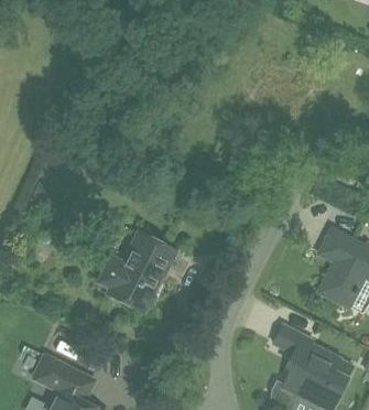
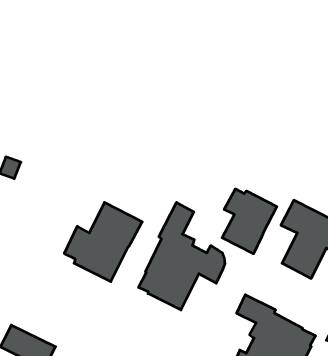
building: none -> [222,189,277,254]
building: none -> [139,202,225,310]

